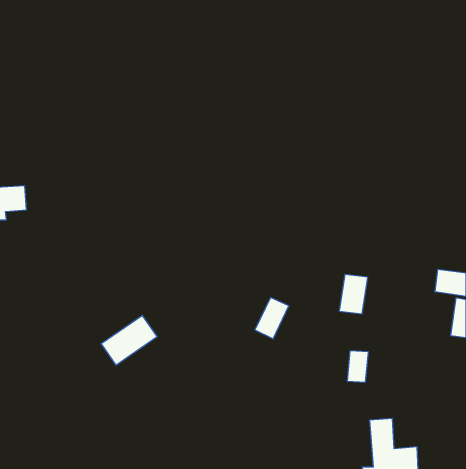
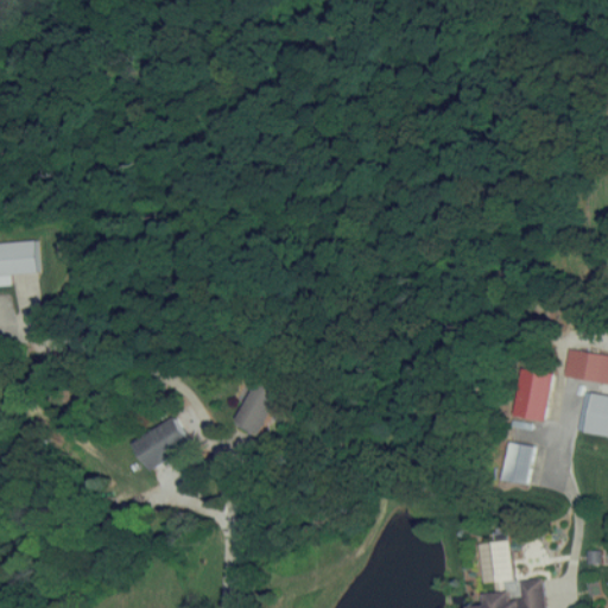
building: [339,274,368,314] -> [513,369,550,420]
building: [255,298,289,339] -> [235,381,279,435]
building: [347,351,368,382] -> [502,444,530,484]

